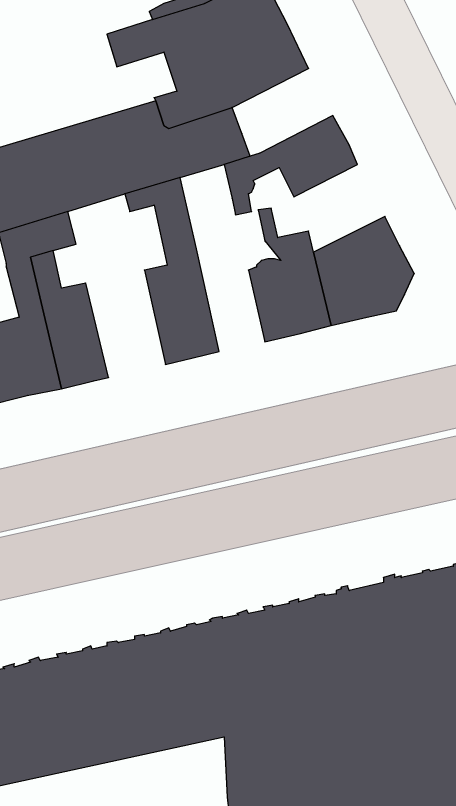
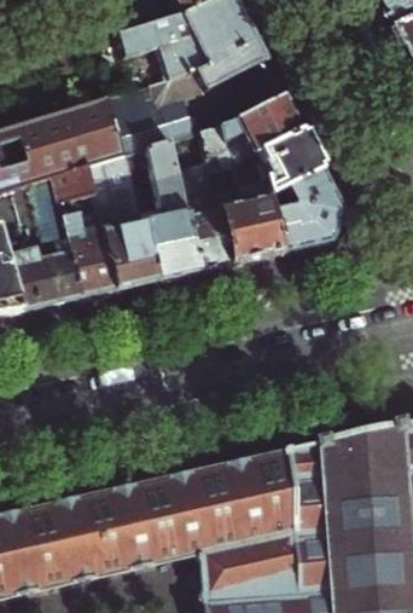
building: none -> [238,131,322,196]
building: none -> [87,152,159,289]
building: none -> [182,156,233,270]

